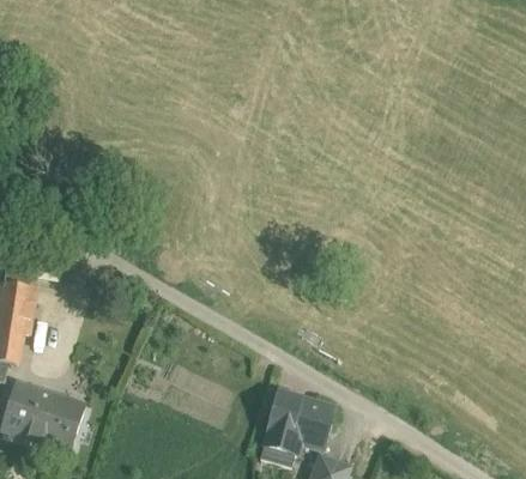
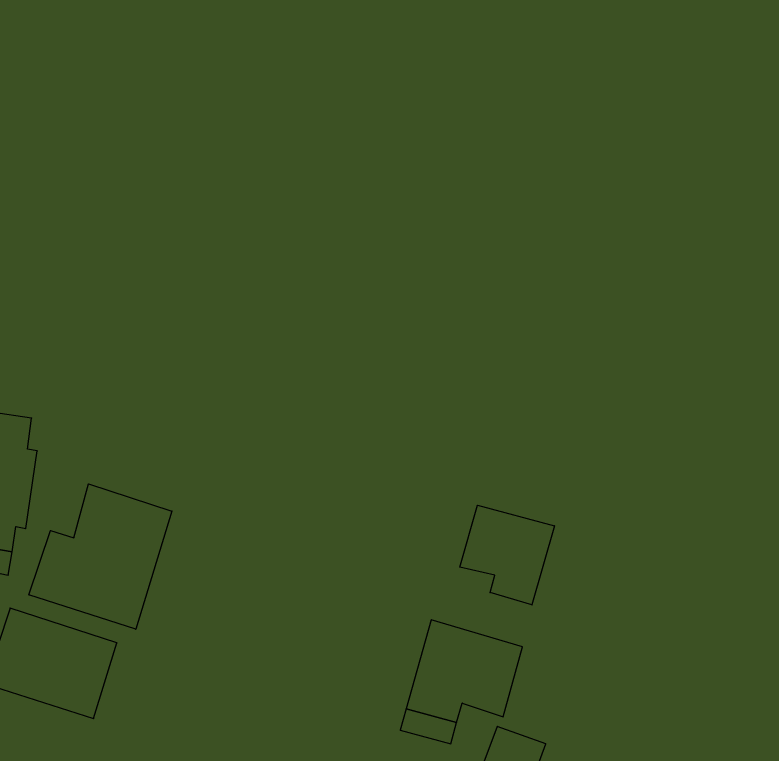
building: none -> [29,484,172,629]
building: none -> [460,505,554,605]

